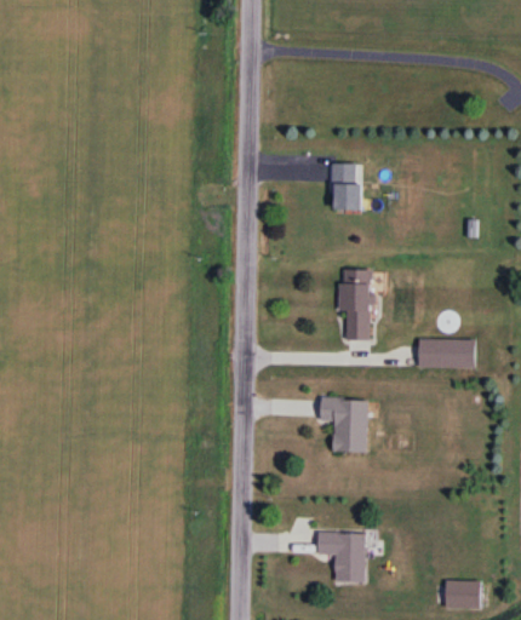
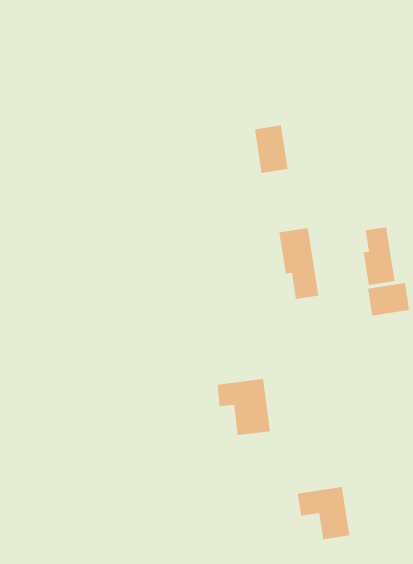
building: none -> [363,227,395,286]
building: [320,398,368,453] -> [217,379,271,436]

